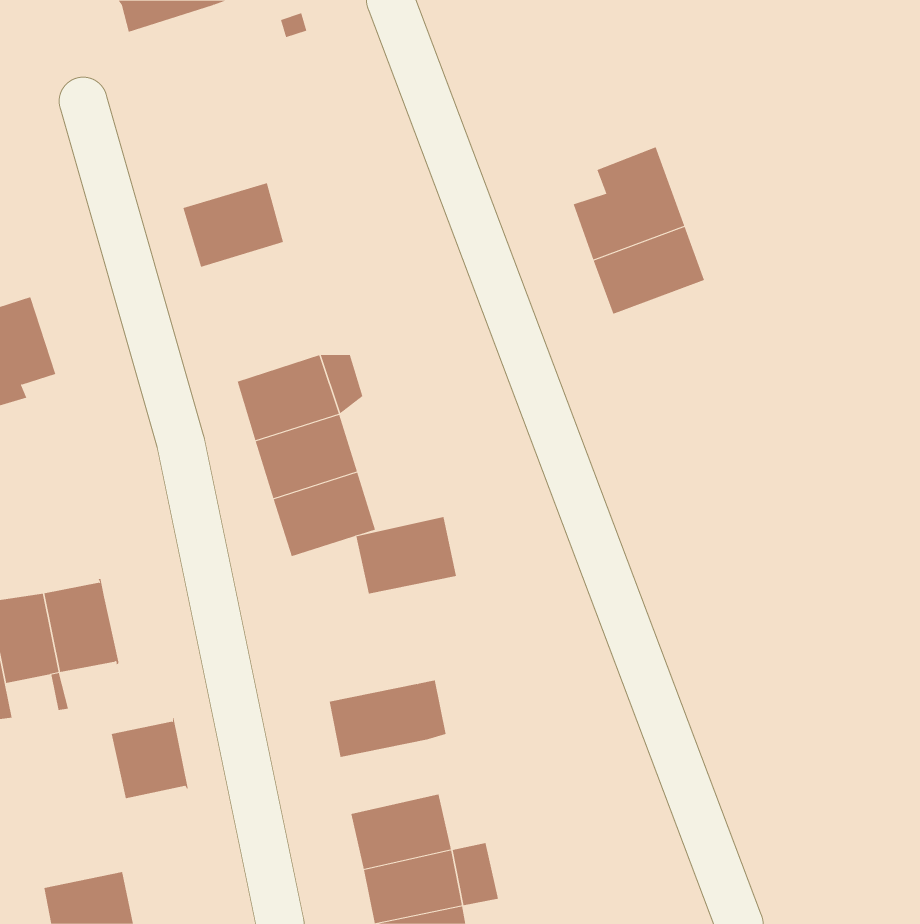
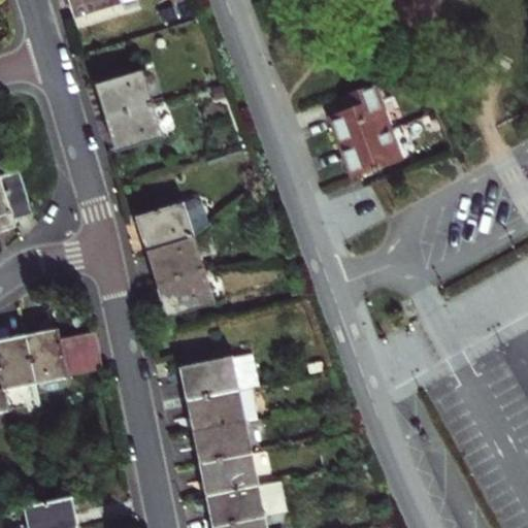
building: none -> [95,70,153,119]
building: [356,516,457,594] -> [180,356,238,400]
building: [111,718,189,799] -> [60,331,104,377]
building: none -> [194,422,251,464]

